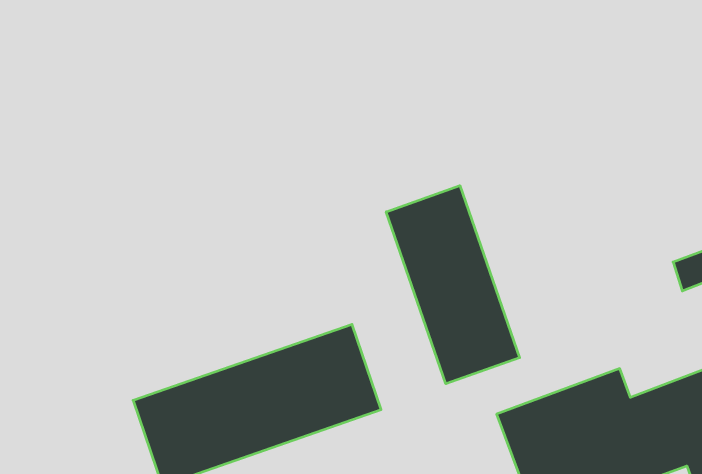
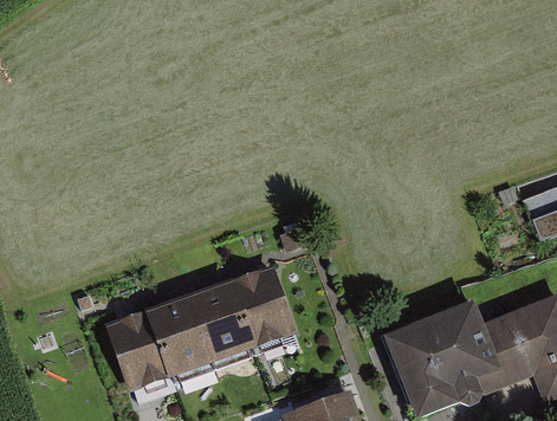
building: [386,186,520,384] -> none

